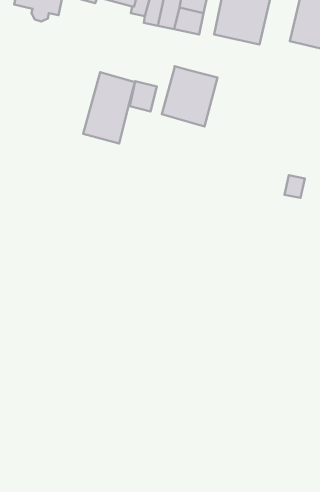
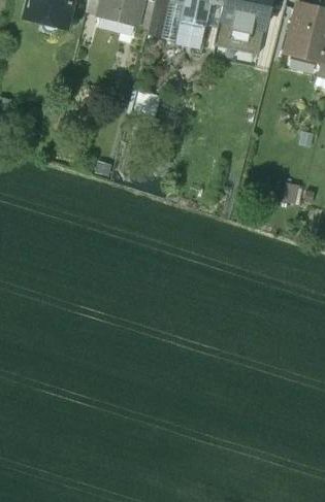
building: [162,66,217,127] -> none
building: [83,72,135,143] -> none

